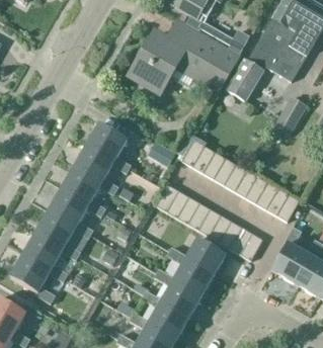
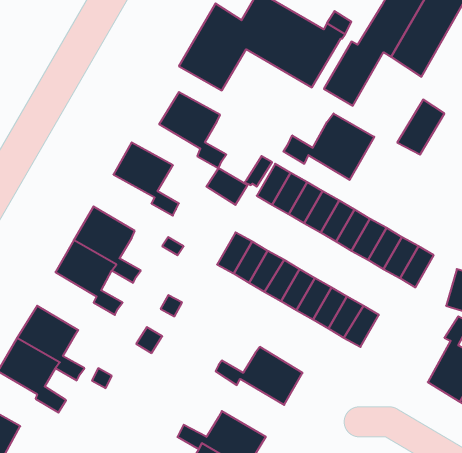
building: none -> [283,113,374,180]
building: [73,146,117,196] -> [159,92,226,168]
building: [35,210,79,260] -> none
building: [270,227,310,283] -> none
building: [166,239,225,277] -> none
building: [141,281,199,320] -> none

